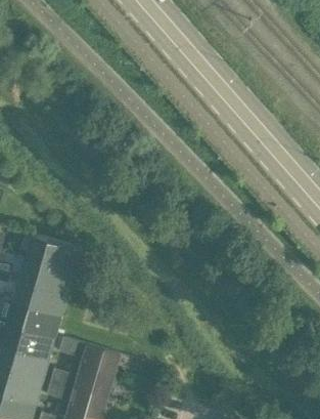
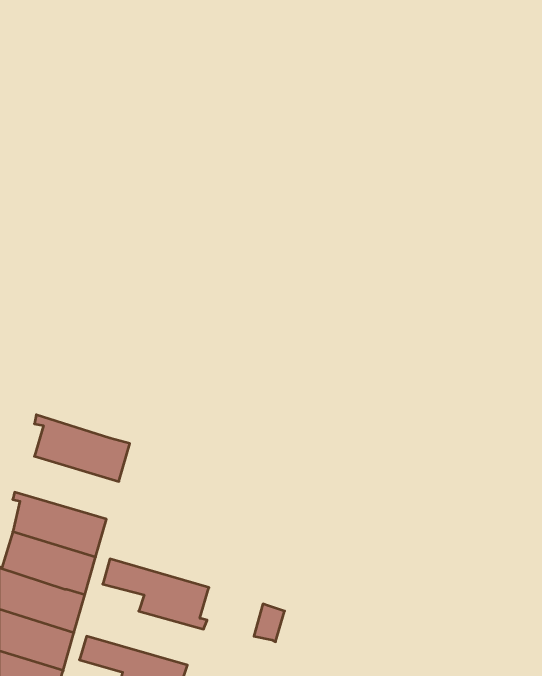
building: [21,234,81,270] -> none
building: [9,278,68,313] -> none
building: [50,366,117,396] -> none

